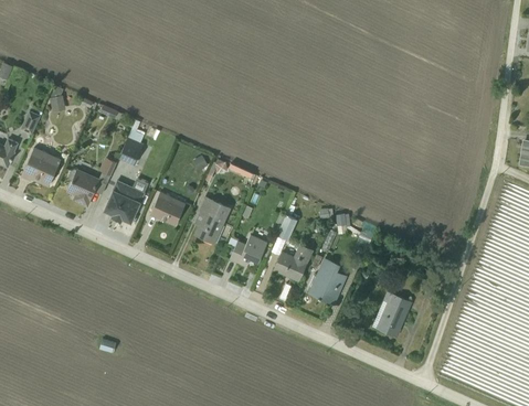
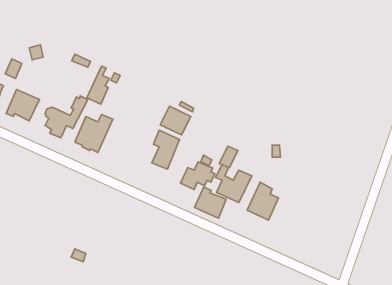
building: [149,192,186,226] -> [160,106,191,135]
building: none -> [194,187,226,218]
building: [371,291,411,338] -> none

